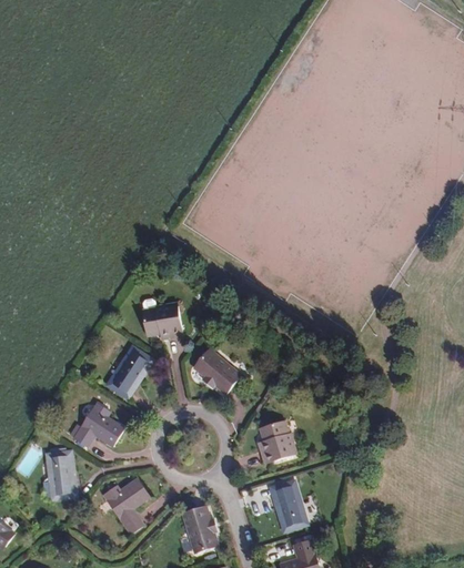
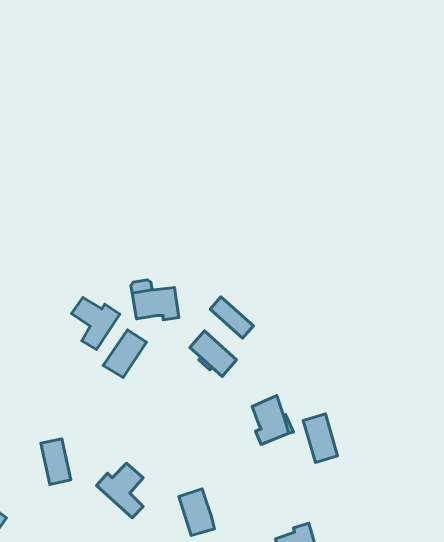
building: none -> [210,297,253,338]
building: none -> [72,297,120,350]
building: [73,400,122,444] -> none
building: [275,480,310,529] -> [303,414,338,463]

